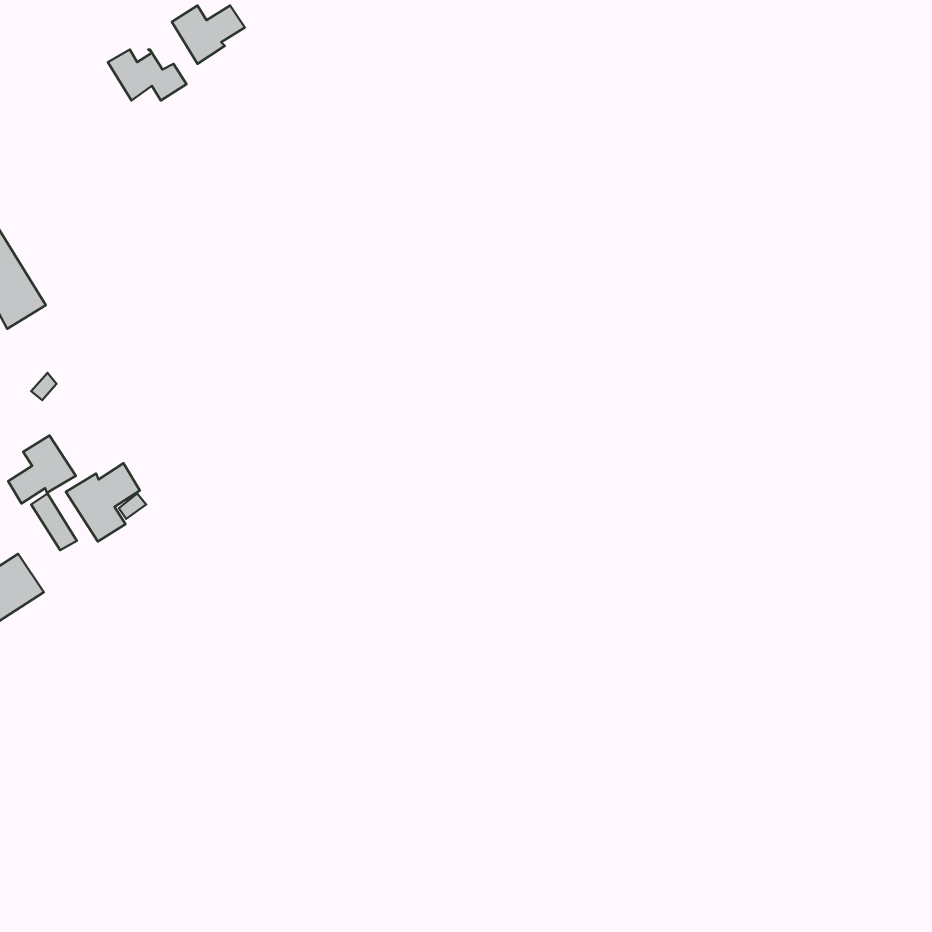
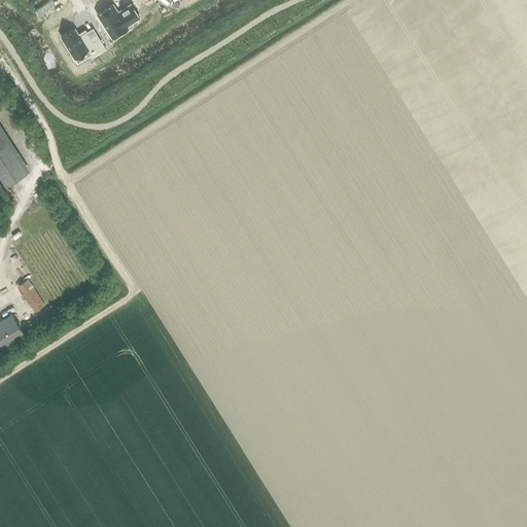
building: [8,435,76,503] -> none
building: [66,463,140,541] -> none

